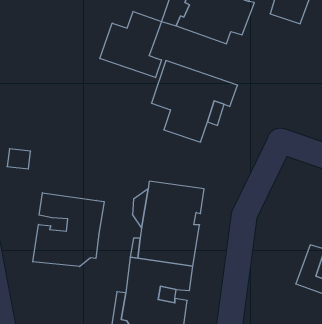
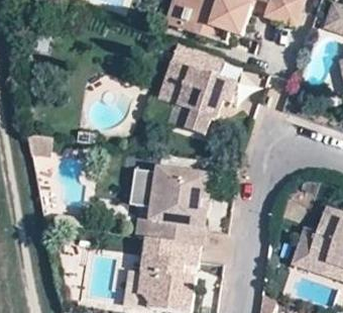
building: [100,11,161,78] -> none
building: [33,193,104,267] -> none

